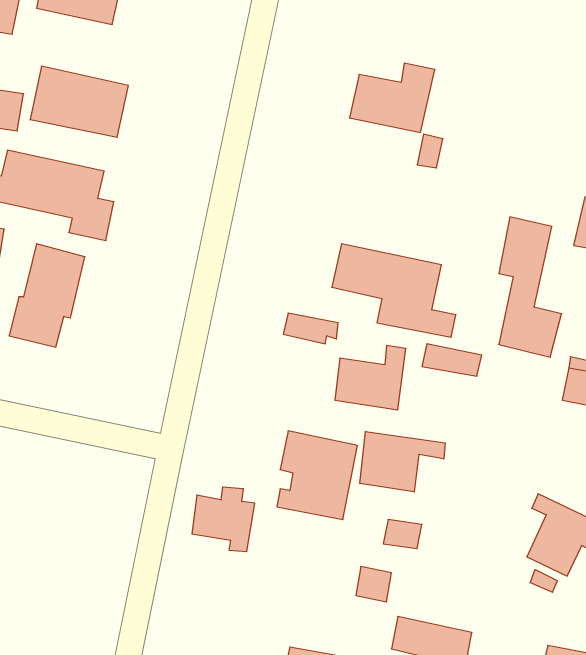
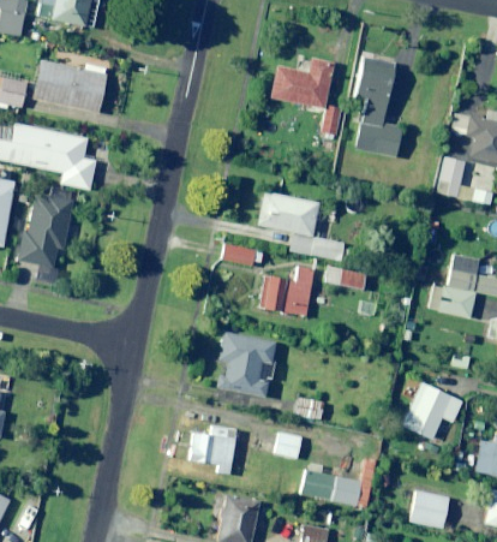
building: [499,217,562,357] -> [357,53,403,157]
building: [360,431,445,492] -> none
building: [192,487,255,552] -> [190,425,236,473]

